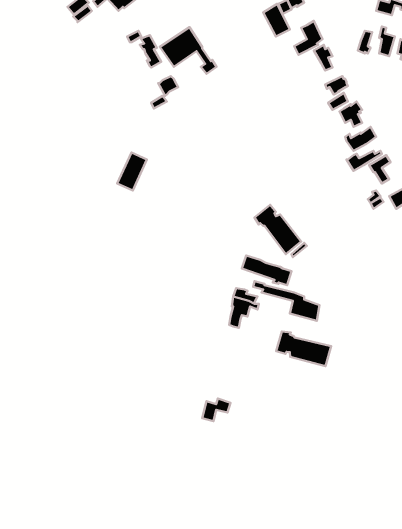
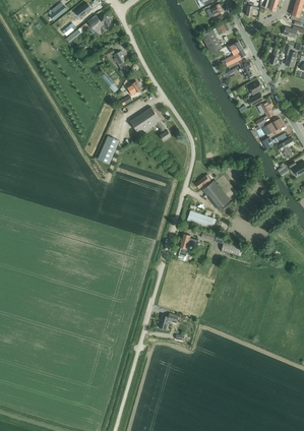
building: [160,27,216,74] -> [130,106,171,139]
building: [276,331,331,366] -> none

